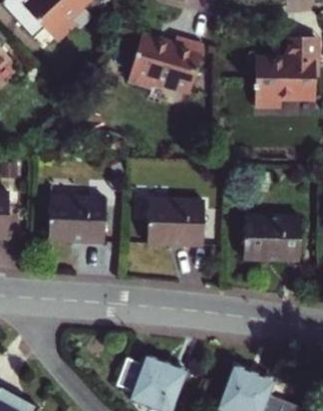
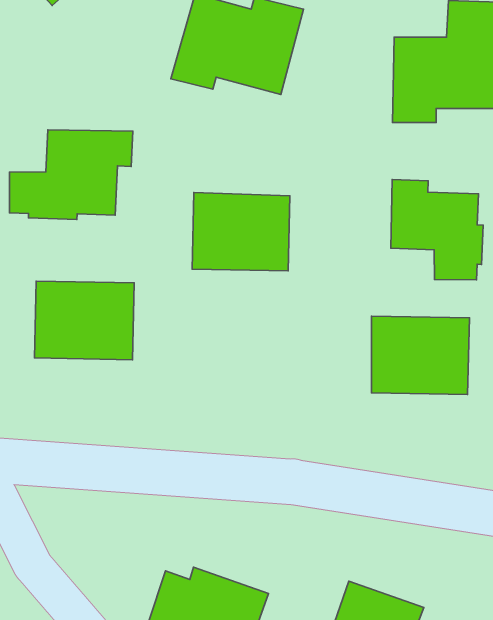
building: none -> [9,130,133,219]
building: none -> [391,179,483,280]
building: [150,200,207,245] -> [192,192,290,271]

